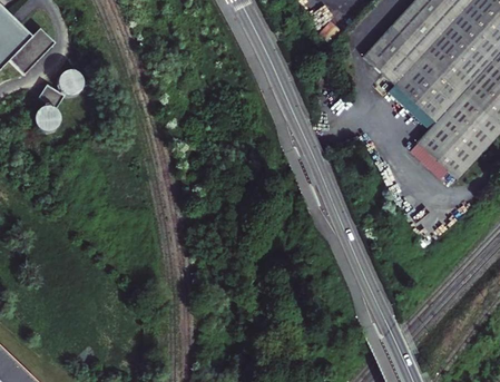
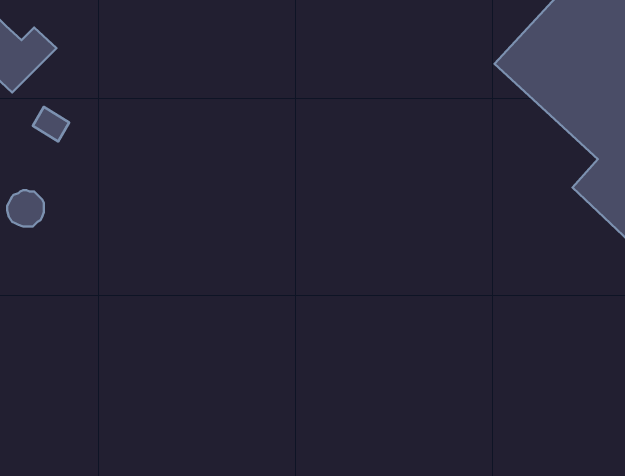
building: [57,72,82,97] -> none
building: [32,107,58,133] -> [7,190,44,226]

